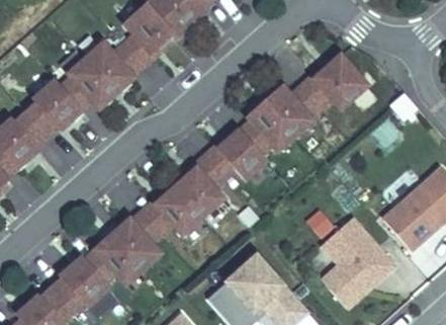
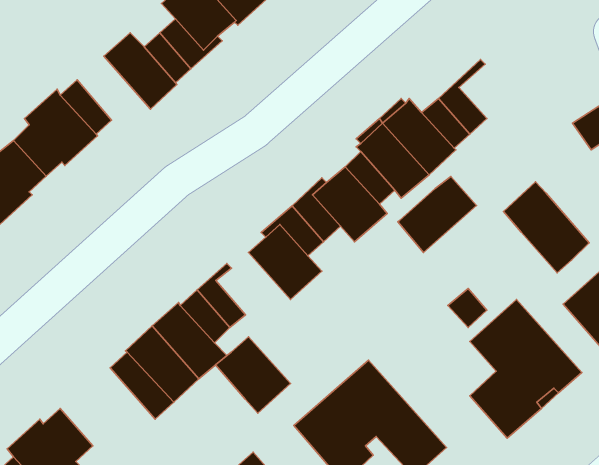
building: [315,55,366,107] -> none
building: [67,58,114,107] -> none
building: none -> [398,176,477,252]
building: none -> [503,182,589,273]
building: [157,185,205,235] -> [216,337,290,413]
building: [56,256,111,311] -> none

